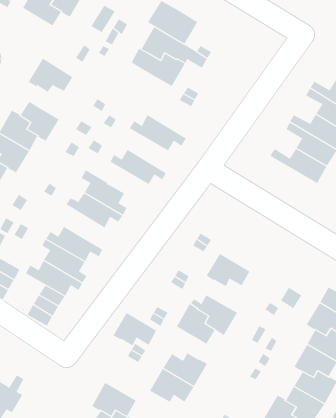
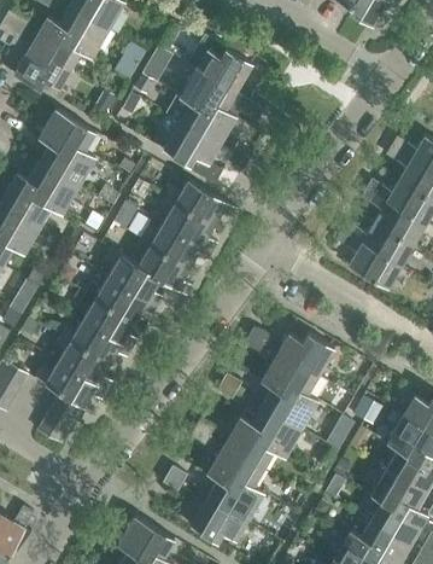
building: none -> [13,46,69,103]
building: none -> [162,122,222,185]
building: none -> [39,144,94,186]
building: none -> [159,197,217,254]
building: none -> [335,232,400,289]
building: none -> [134,239,192,297]
building: none -> [80,292,137,349]
building: none -> [277,332,333,377]
building: none -> [261,386,317,429]
building: [113,312,157,346] -> [206,446,262,488]

